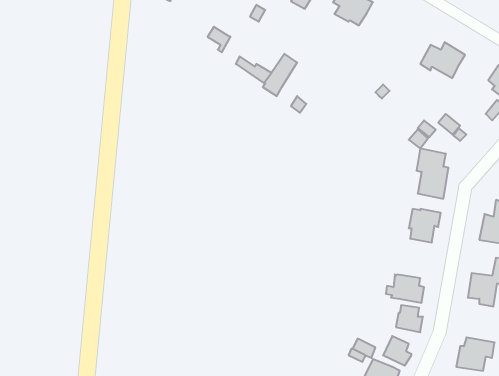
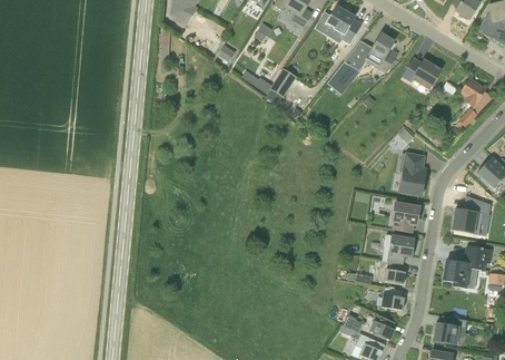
building: none -> [328,32,397,94]
building: none -> [383,233,415,263]

